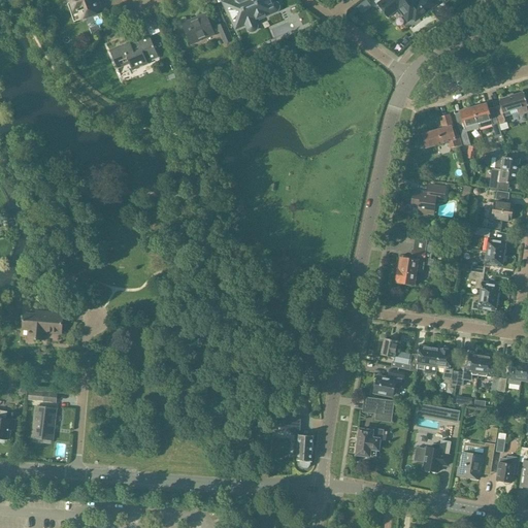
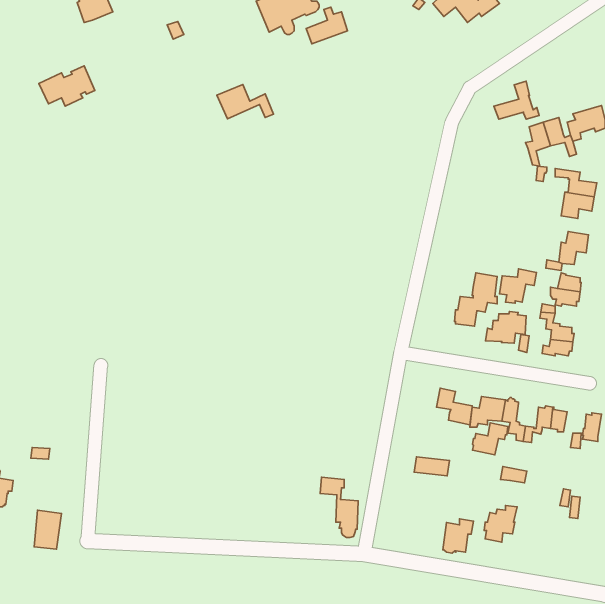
building: [180,13,230,43] -> [217,84,274,119]
building: [108,34,157,69] -> [39,66,95,106]
building: [421,113,460,146] -> [494,81,539,119]
building: [411,184,443,213] -> [500,269,536,303]
building: none -> [485,311,526,343]
building: [22,309,61,338] -> none
building: [372,367,403,395] -> [472,423,508,455]
building: [31,404,55,438] -> [34,510,61,549]
building: [356,426,383,456] -> [443,519,474,553]
building: [457,443,490,477] -> none
building: [496,455,519,483] -> none

